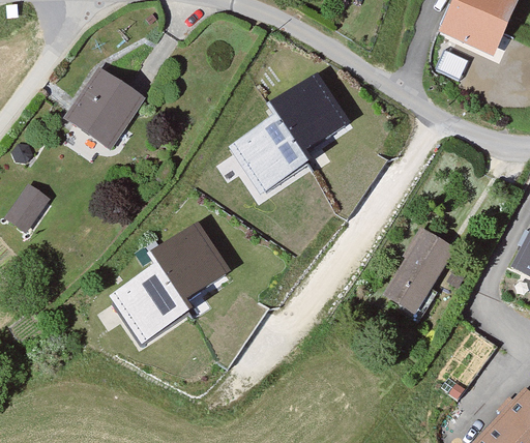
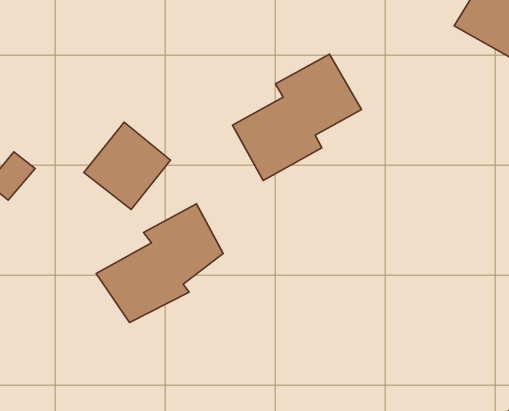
building: [61,66,143,149] -> [84,122,170,209]
building: [380,227,457,318] -> none

